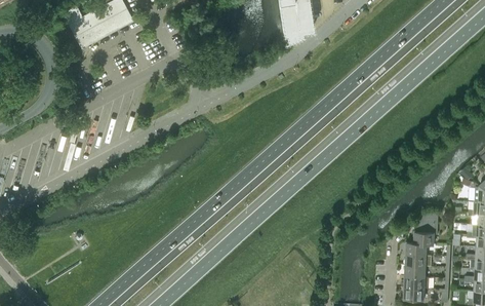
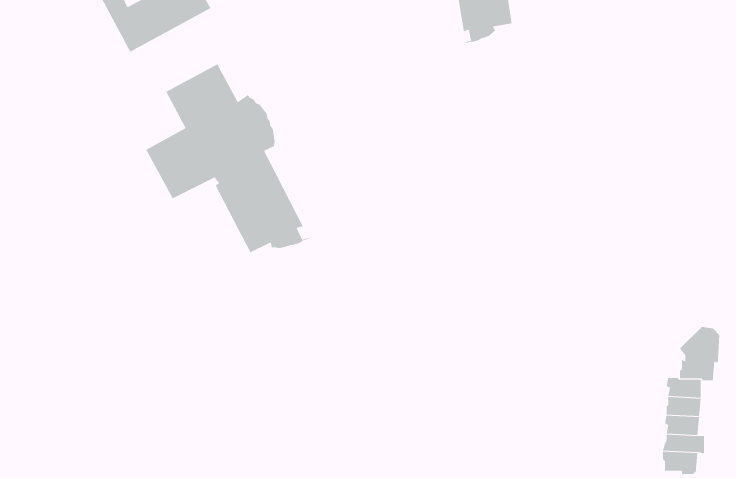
building: none -> [145,63,310,253]

